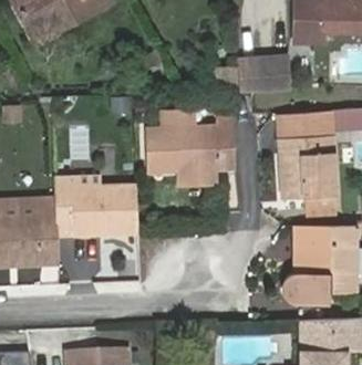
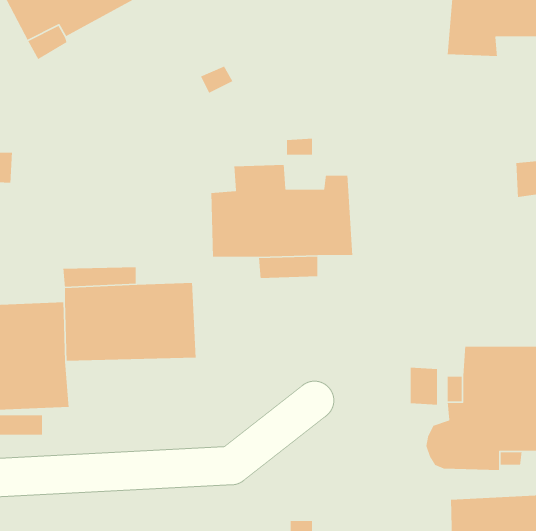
building: [237,54,291,91] -> none
building: [278,110,335,216] -> none

